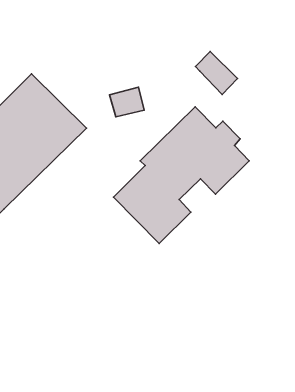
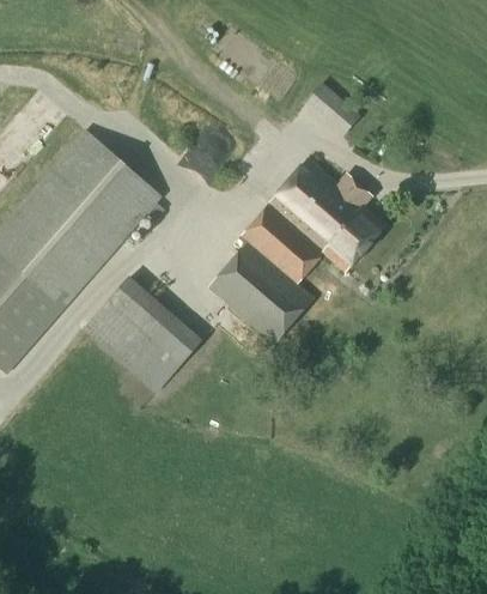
building: none -> [83,274,203,394]

